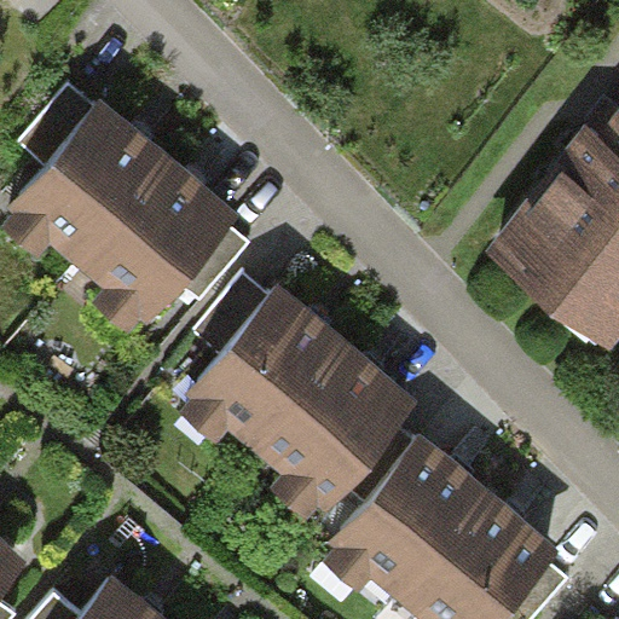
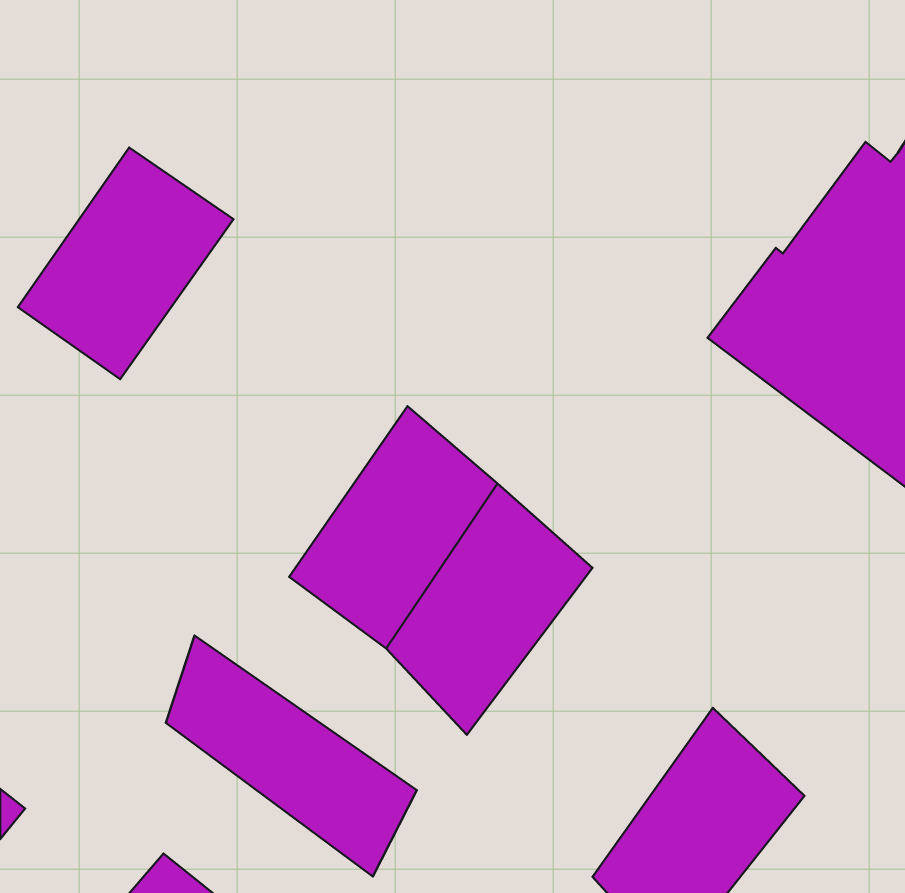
building: [89,164,235,320] -> none
building: none -> [166,635,417,877]
building: [345,445,488,607] -> none

